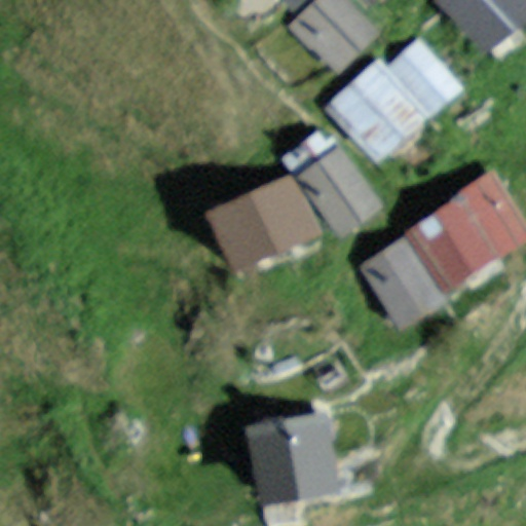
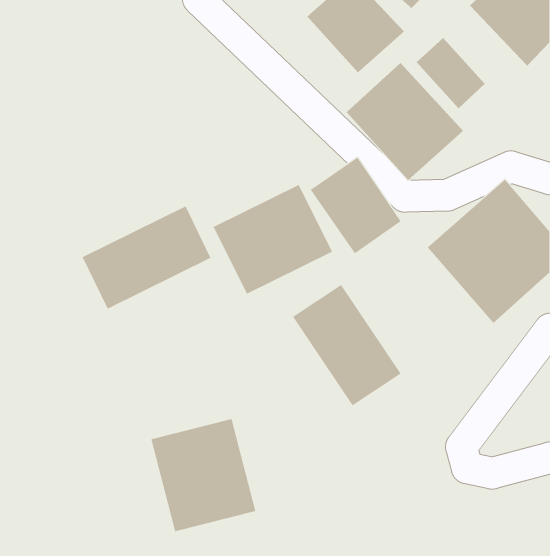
building: none -> [82,205,211,309]
building: [355,233,458,348] -> [292,284,401,406]
building: [246,399,345,505] -> [150,419,256,532]

